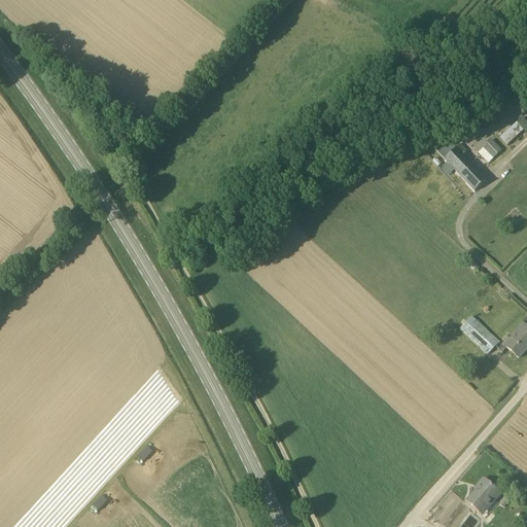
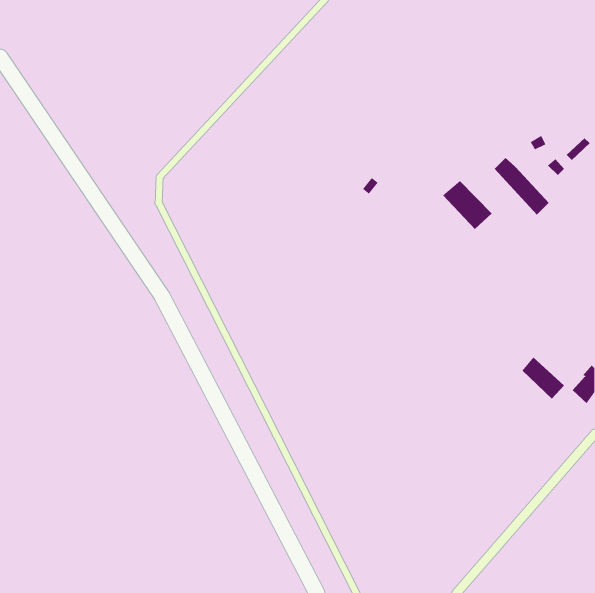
building: none -> [442,180,492,230]
building: [466,478,500,512] -> none

